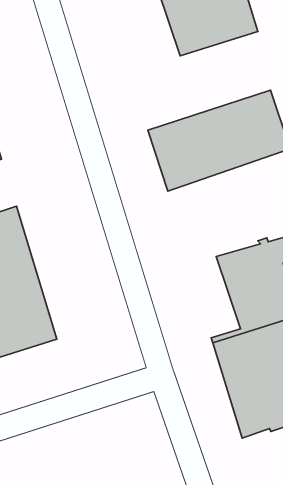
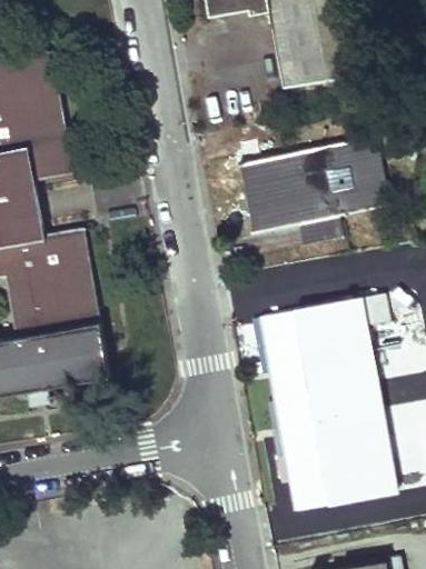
building: none -> [260,310,309,398]

